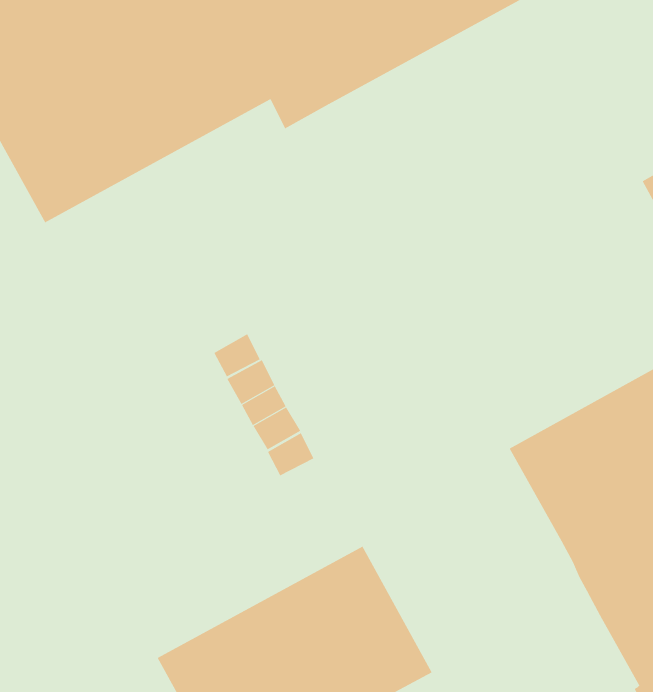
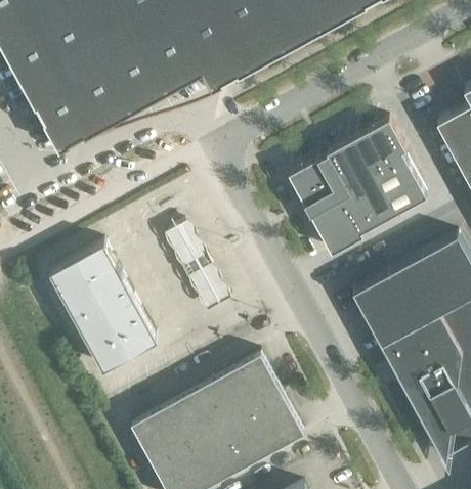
building: none -> [289,121,427,255]
building: none -> [51,244,158,370]

